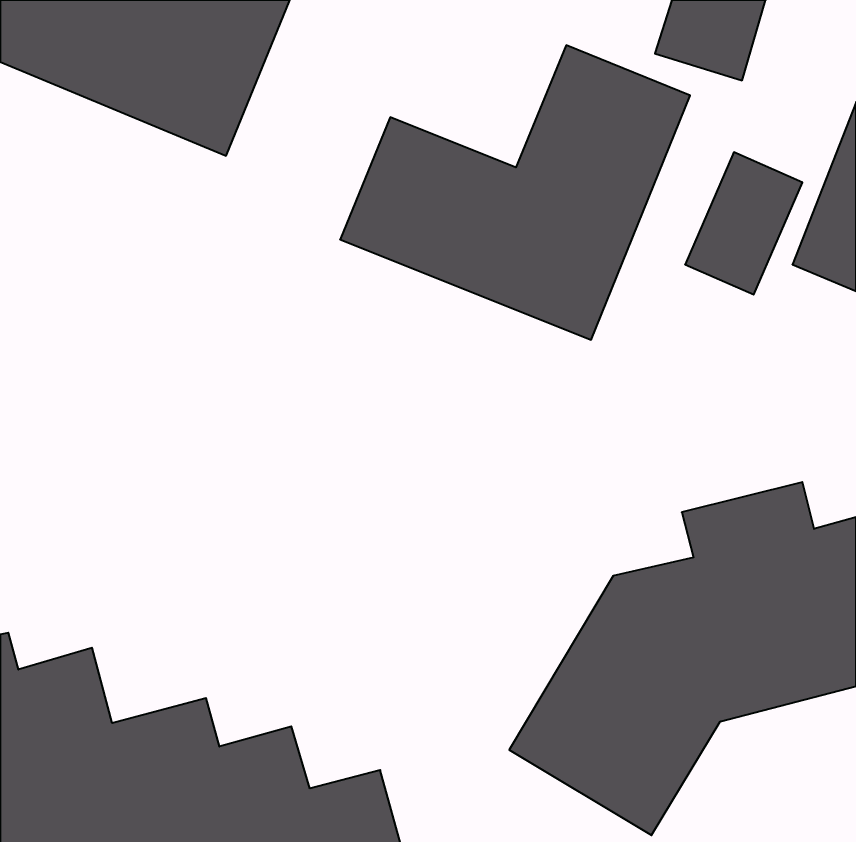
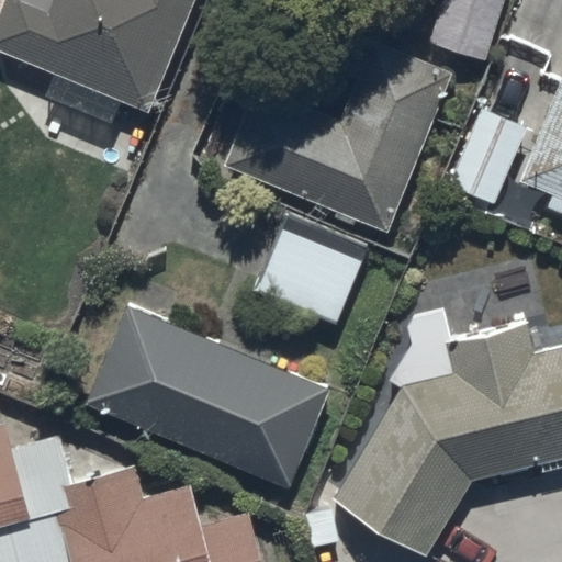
building: none -> [257,217,368,324]
building: none -> [86,305,330,488]

